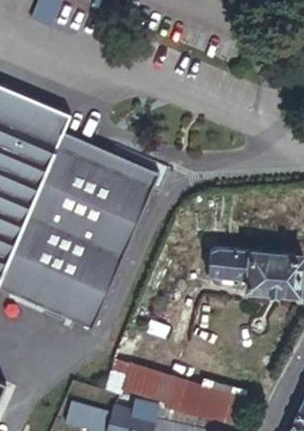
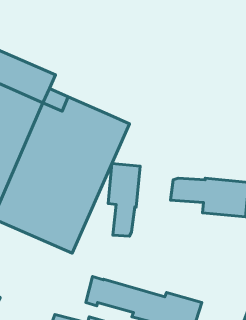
building: none -> [108,163,140,236]

